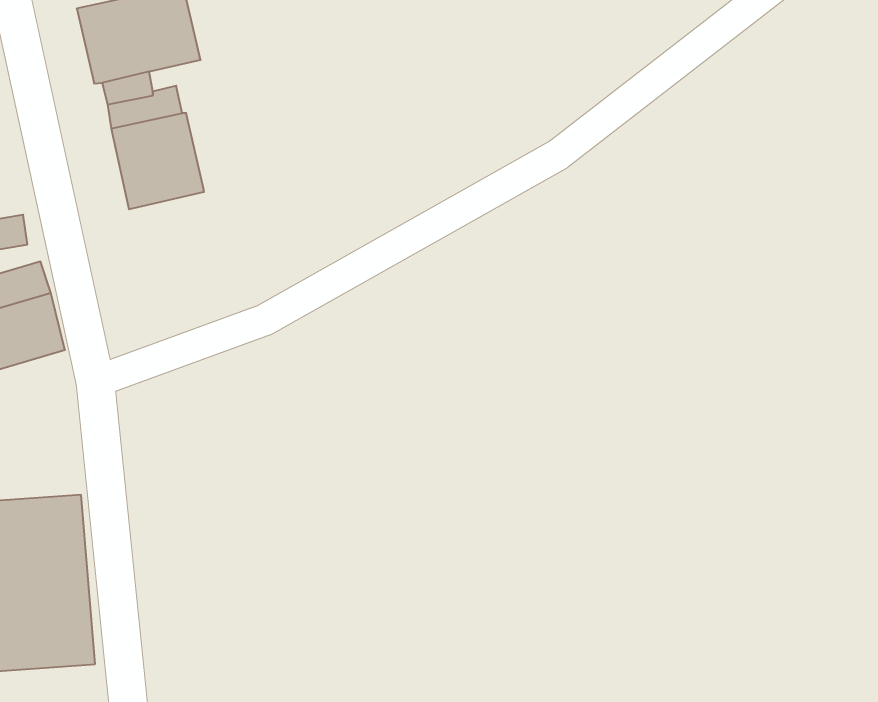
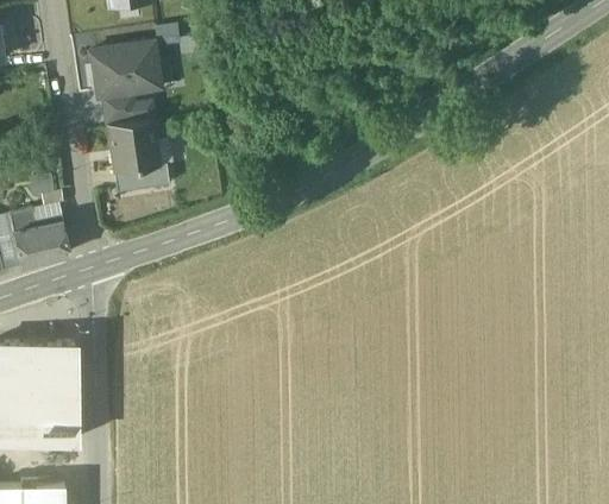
building: none -> [113,164,168,191]

